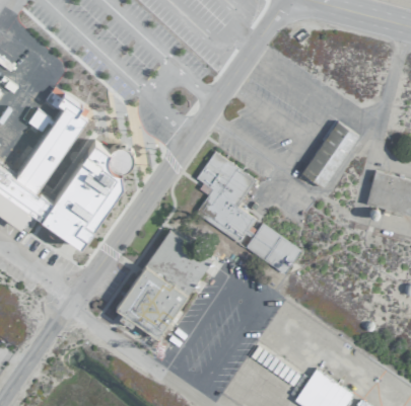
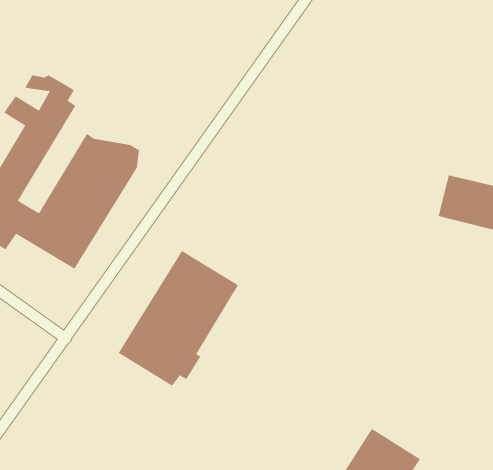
building: [302,121,358,189] -> none
building: [195,153,301,275] -> none

